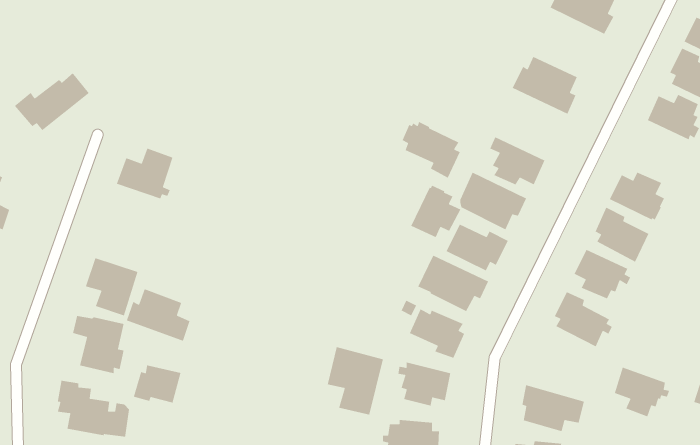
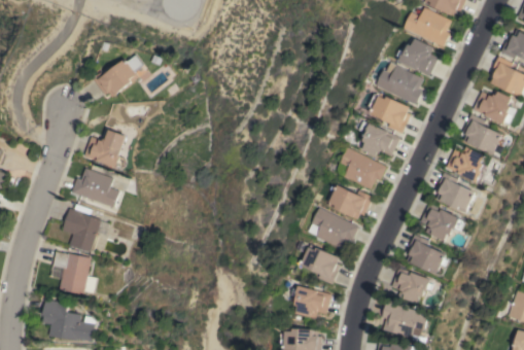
building: none -> [396,39,439,76]
building: [14,72,90,131] -> [93,55,148,98]
building: [402,121,461,179] -> [368,93,411,135]
building: none -> [463,114,504,154]
building: [410,185,461,238] -> none
building: [126,288,191,342] -> [73,169,120,208]
building: [327,346,384,416] -> none
building: [133,365,181,404] -> none
building: [614,367,670,417] -> [392,268,433,305]

